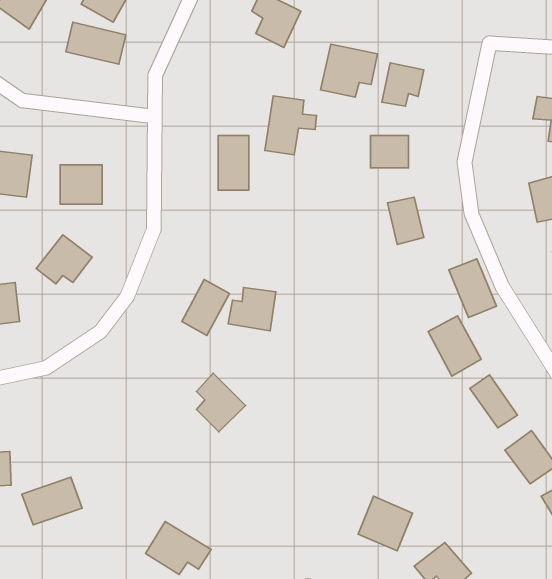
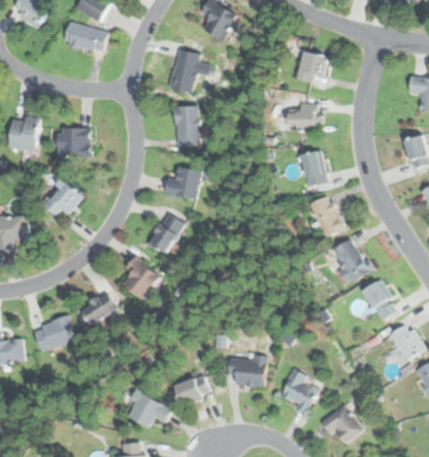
building: [321,44,378,97] -> none
building: [265,96,317,155] -> [171,50,209,93]
building: [449,259,496,317] -> [309,195,344,238]
building: [228,288,276,331] -> [166,167,201,199]
building: [196,373,245,432] -> [125,255,161,298]
building: none -> [80,291,118,326]
building: none -> [230,357,266,387]
building: [22,477,82,525] -> [33,316,77,351]
building: none -> [175,374,211,406]

